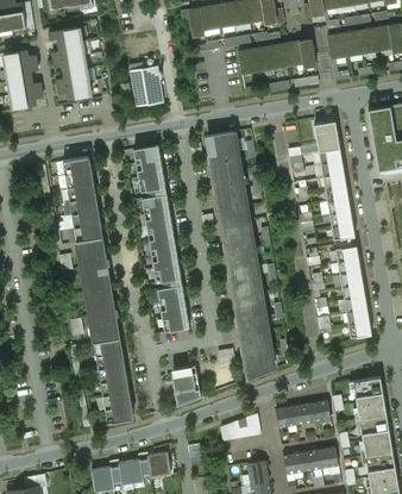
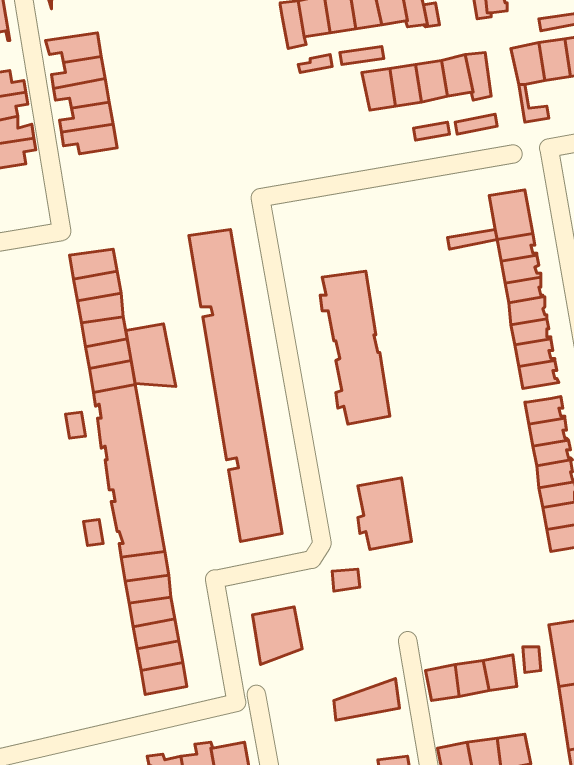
building: [130,65,163,107] -> none
building: [207,131,239,173] -> none
building: none -> [126,324,176,386]
building: [226,256,260,298] -> none
building: [239,331,272,373] -> none

